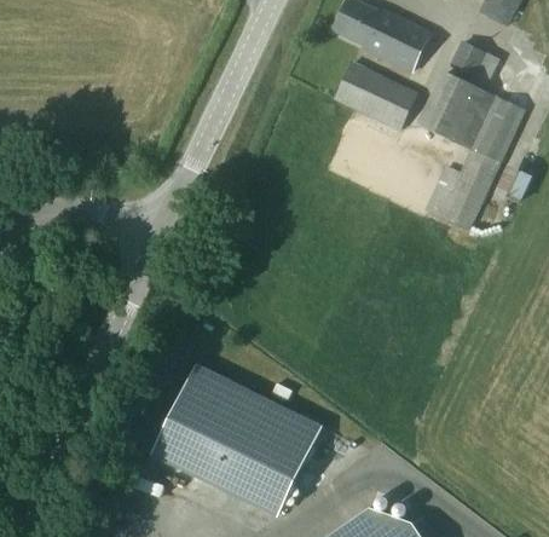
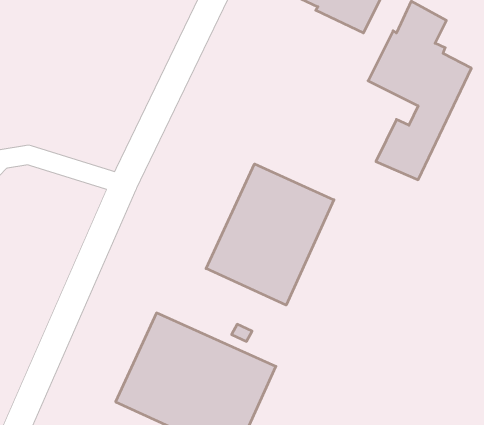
building: [334,60,418,131] -> none
building: none -> [206,164,334,305]

